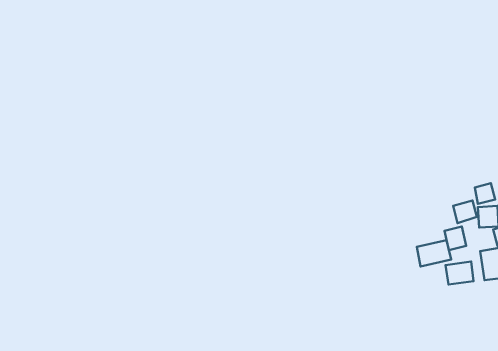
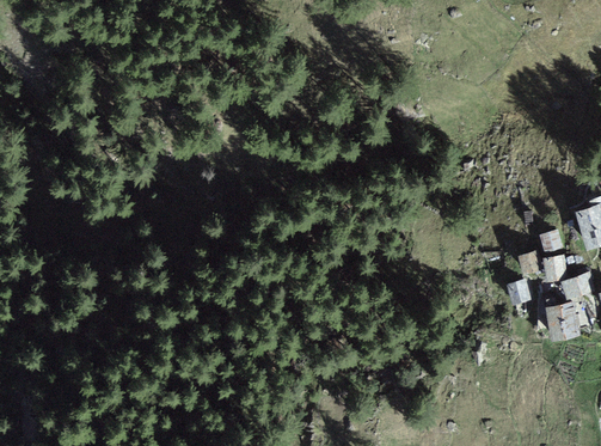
building: [417,240,451,266] -> none
building: [445,262,473,285] -> none

